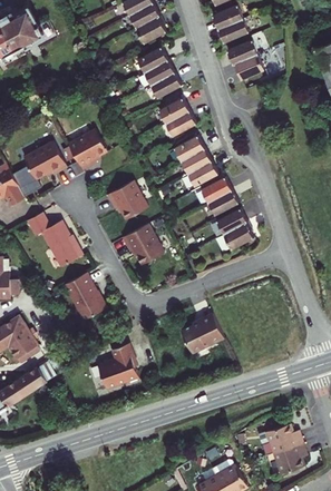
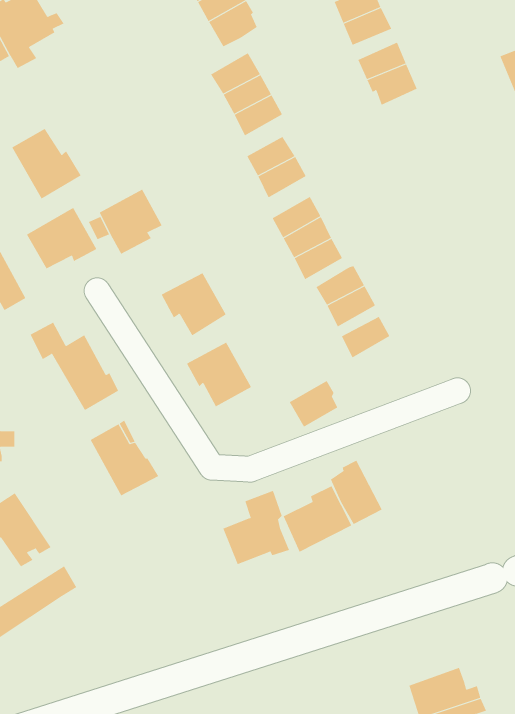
building: none -> [11,128,82,200]
building: [224,220,254,249] -> [289,380,338,427]
building: none -> [330,460,383,525]
building: [97,343,138,389] -> [223,490,290,565]

